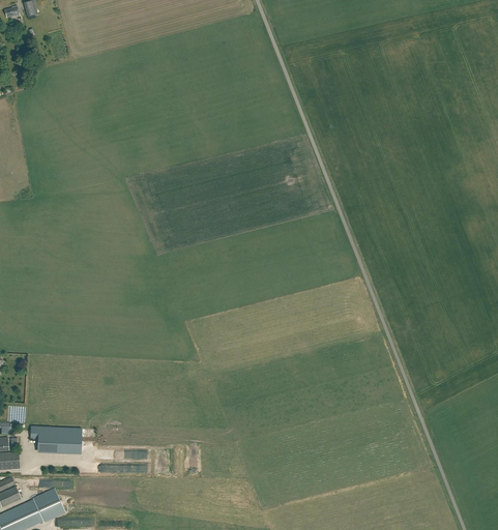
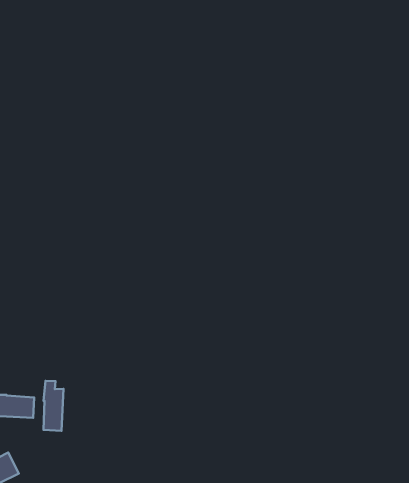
building: none -> [44,381,63,431]

